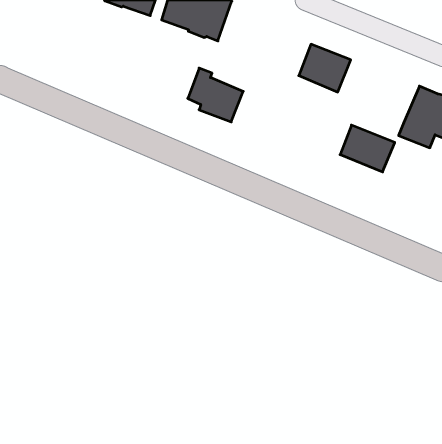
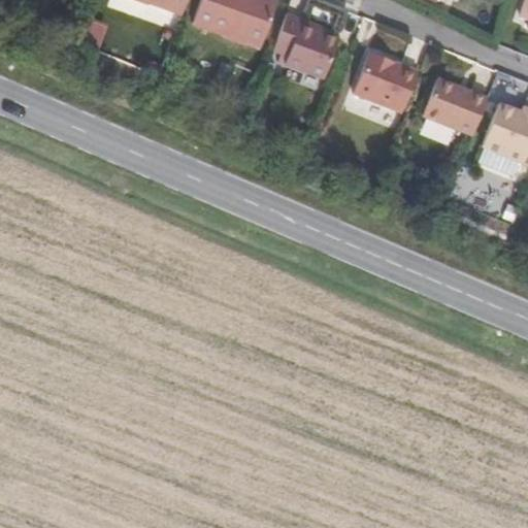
building: [188,68,243,122] -> [273,10,339,74]
building: [340,125,395,172] -> [423,77,488,133]

